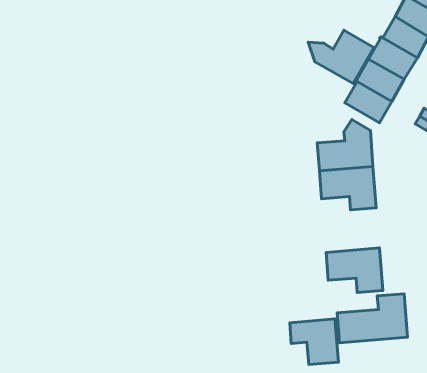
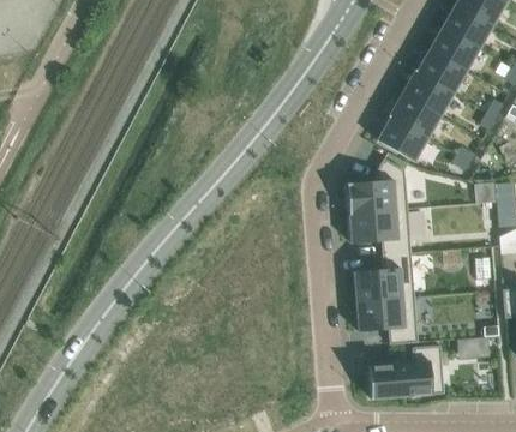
building: [308,30,374,83] -> none
building: none -> [354,253,414,301]
building: [290,319,339,365] -> none

